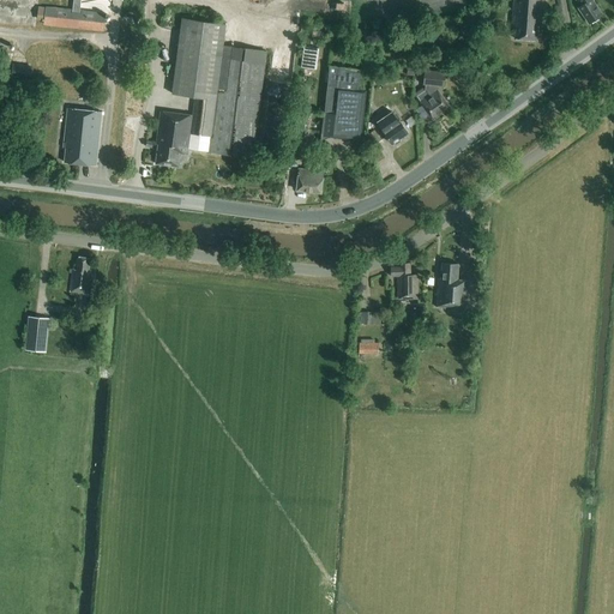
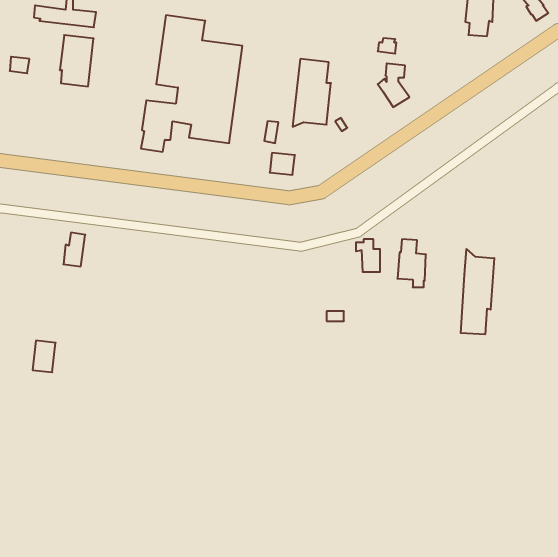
building: [64,108,101,164] -> [60,35,94,86]
building: [377,110,408,144] -> none
building: none -> [461,249,494,334]
building: [24,317,49,351] -> [33,341,56,372]

